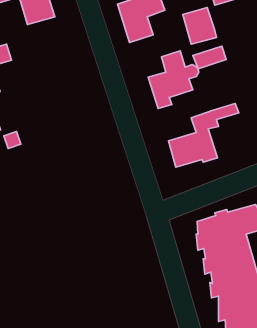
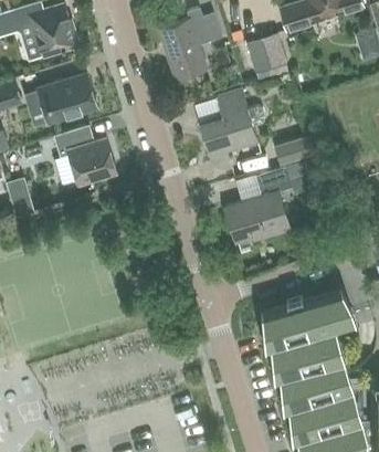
building: none -> [38,73,96,123]
building: [193,46,226,69] -> [277,135,320,165]
building: none -> [53,126,116,183]

